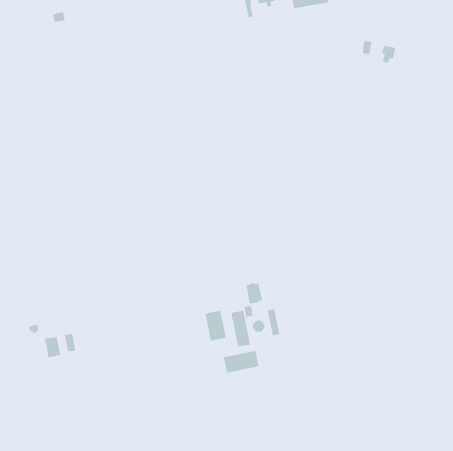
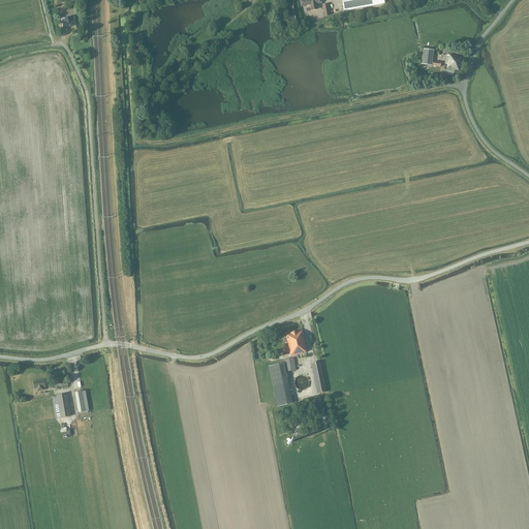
building: [205,310,226,341] -> none
building: [223,350,259,373] -> none

